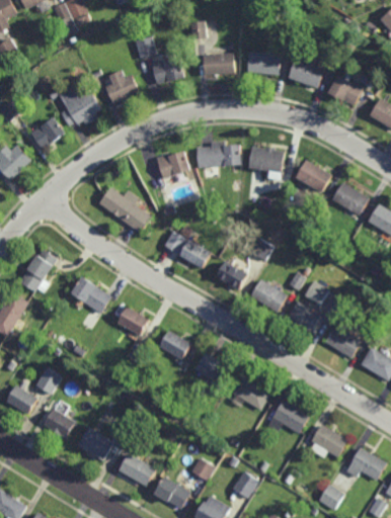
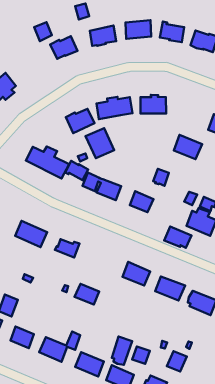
building: [105,70,139,103] -> none
building: [294,161,330,194] -> [174,135,202,159]
building: none -> [86,128,114,158]
building: none -> [65,161,88,180]
building: [251,281,286,311] -> [164,226,191,248]
building: [159,328,190,356] -> [75,284,99,305]
building: none -> [112,336,132,365]

